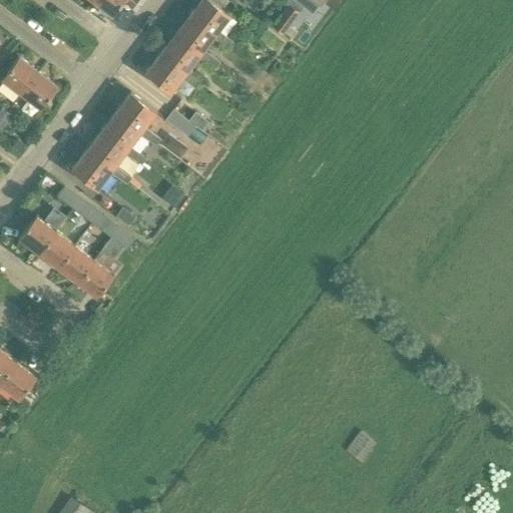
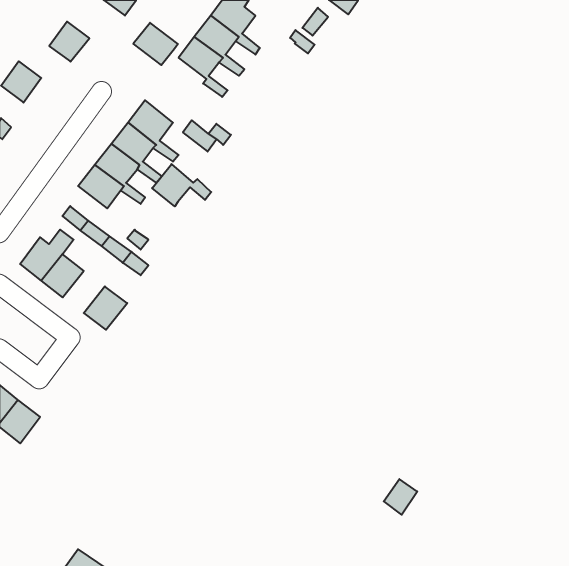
building: [145,55,185,93] -> [133,23,178,65]
building: [21,73,57,109] -> [49,22,89,62]
building: none -> [152,164,211,206]
building: [56,246,94,285] -> none

